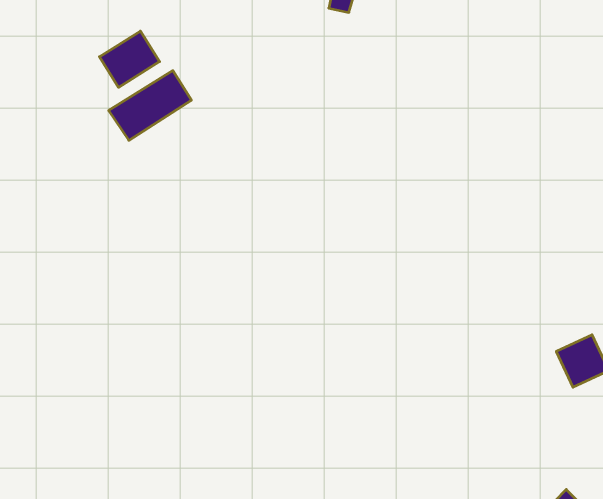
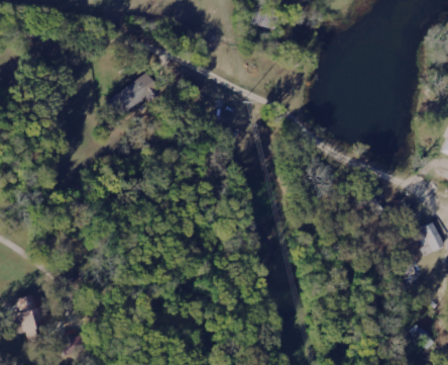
building: [99,31,160,87] -> none

